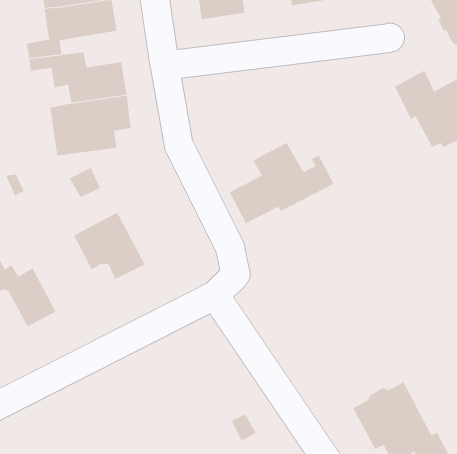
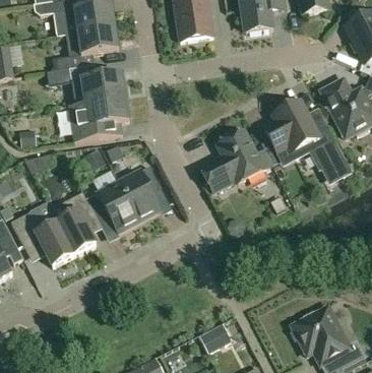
building: none -> [263,100,353,177]
building: none -> [119,164,163,219]
building: none -> [57,190,96,253]

